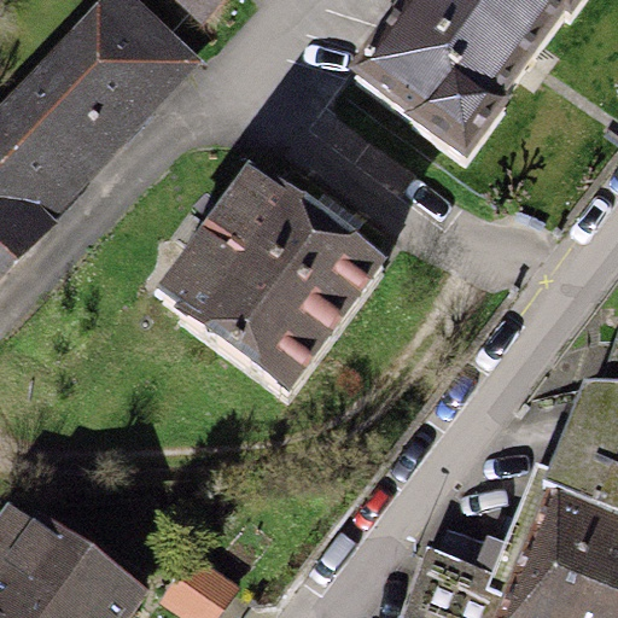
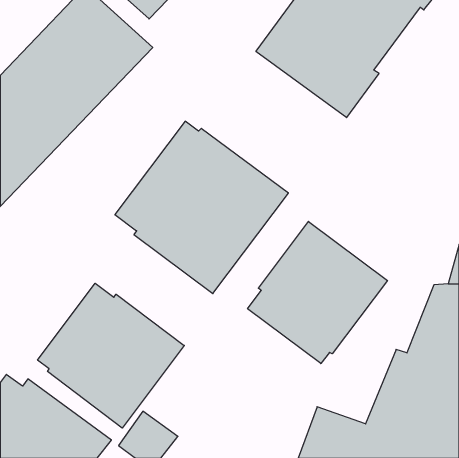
building: none -> [248,221,387,364]
building: none -> [38,283,184,428]

